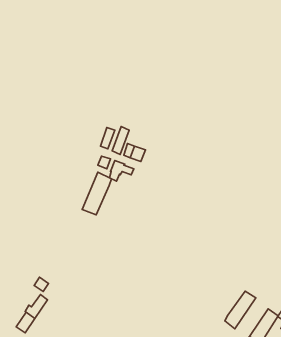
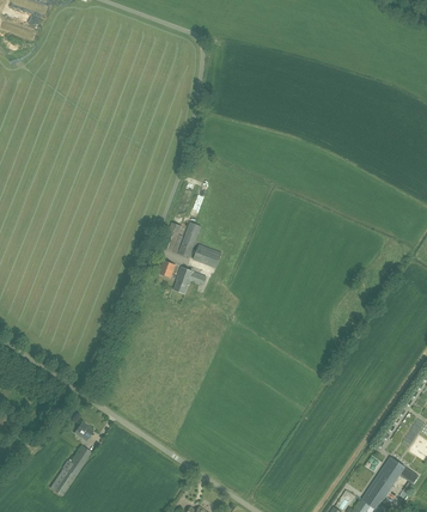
building: [82,172,111,215] -> none
building: [225,291,256,329] -> none

